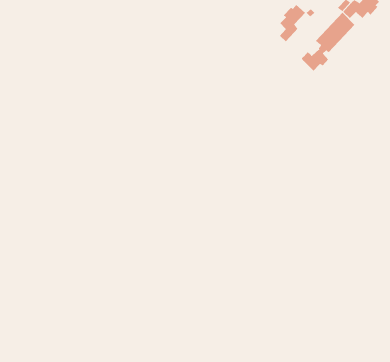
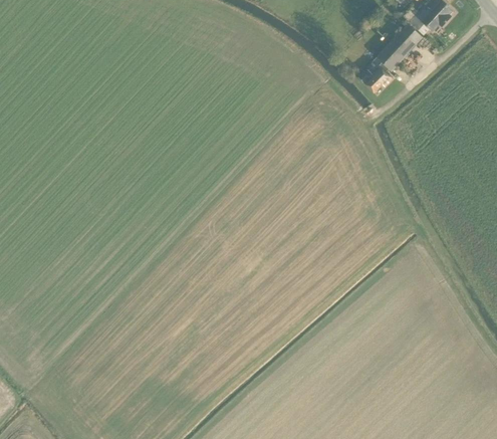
building: [279,4,306,42] -> none

